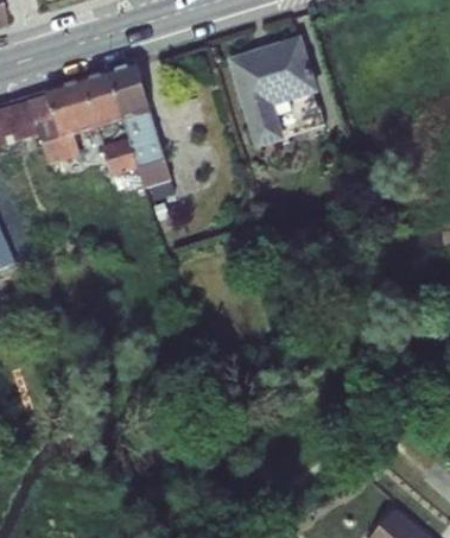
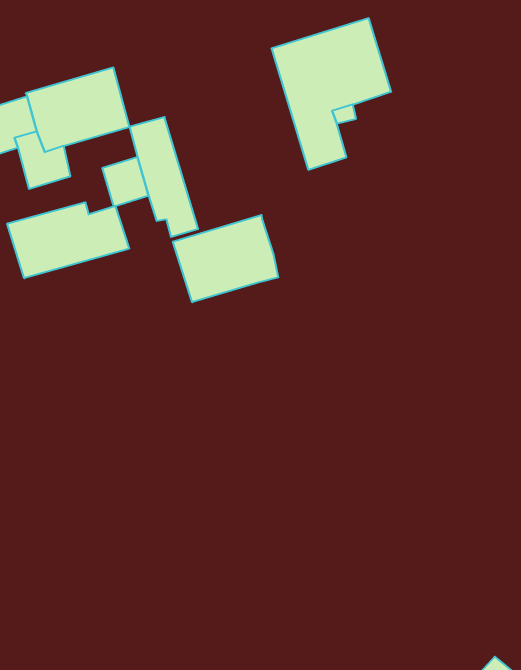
building: [110,64,148,116] -> none
building: none -> [7,202,129,278]
building: none -> [173,215,278,302]

